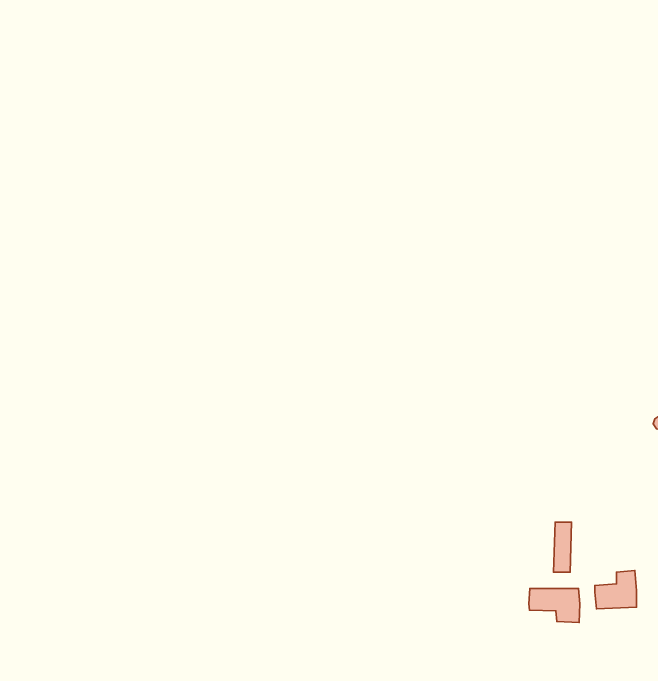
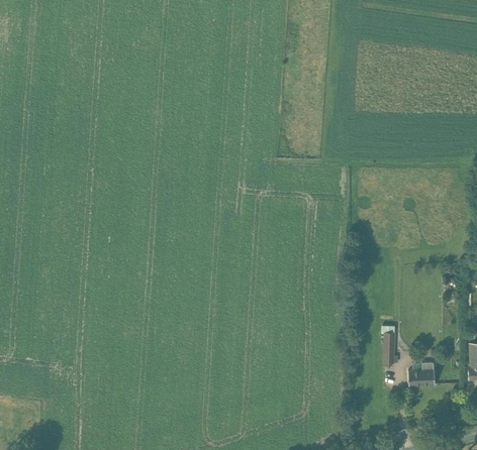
building: [529,588,580,622] -> none

